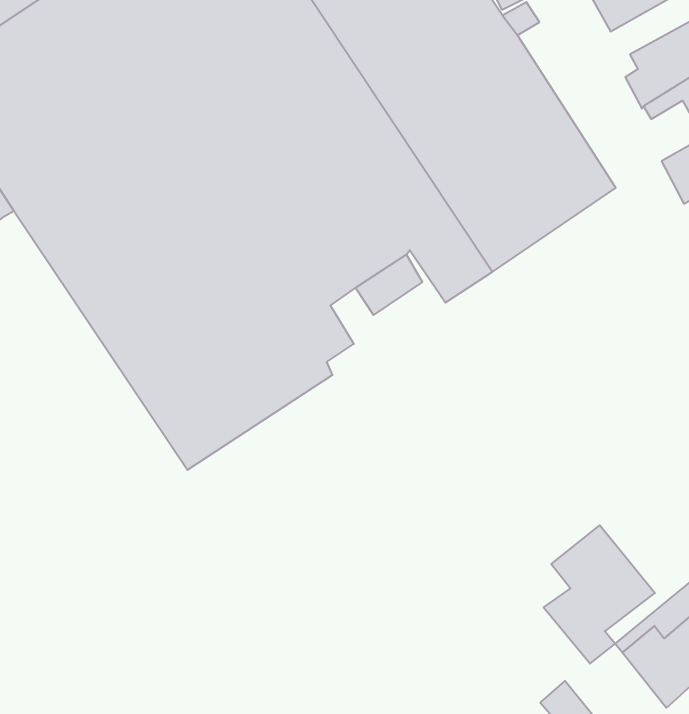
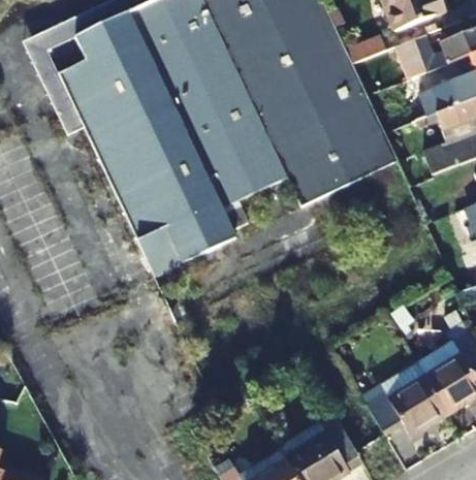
building: [544,525,655,664] -> none

